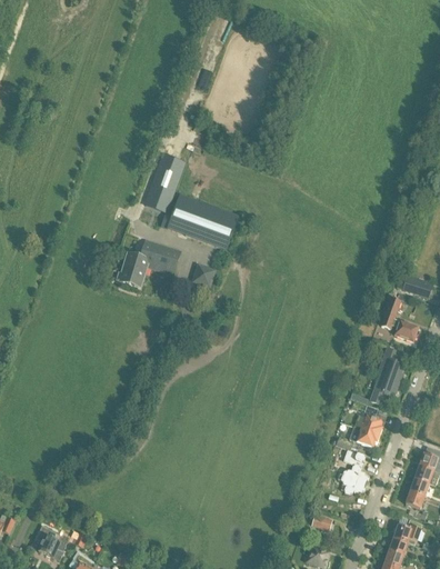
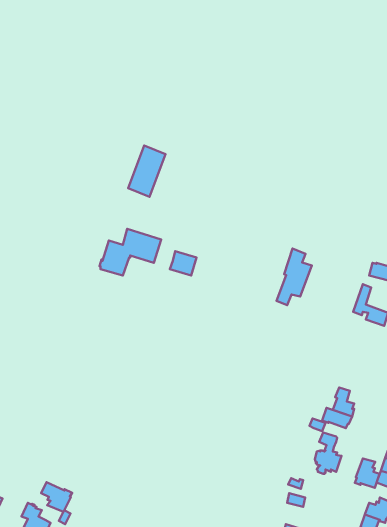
building: [161,194,238,251] -> none
building: [368,347,404,406] -> [277,249,312,305]
building: none -> [355,458,379,488]
building: none -> [41,482,72,512]

